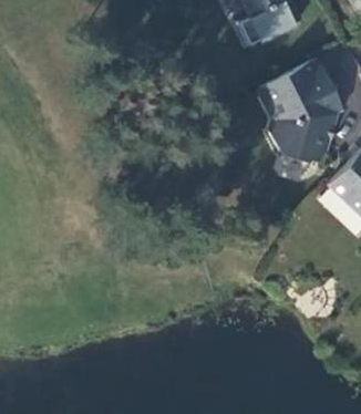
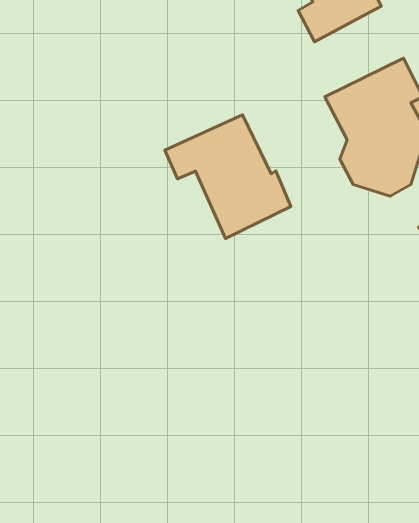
building: none -> [165,115,291,239]

